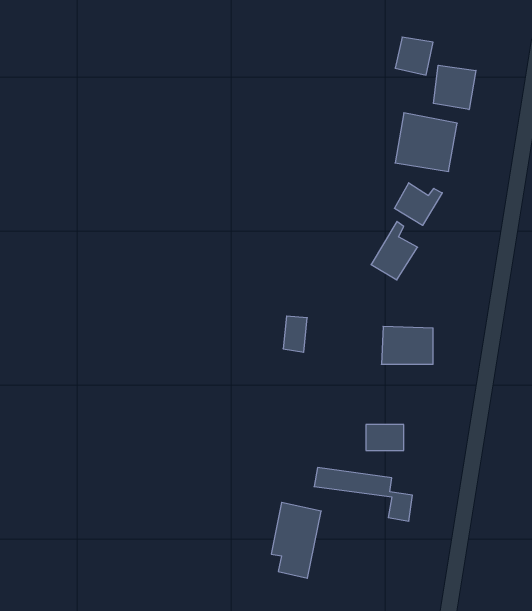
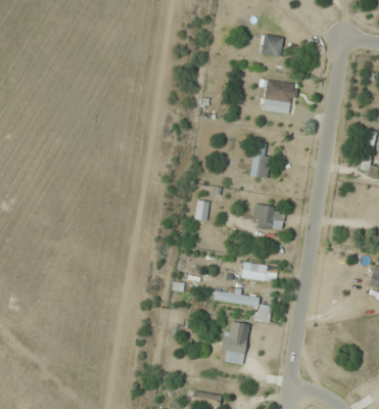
building: [433,65,476,110] -> none
building: [394,183,442,225] -> none
building: [271,502,321,578] -> [221,320,250,365]

